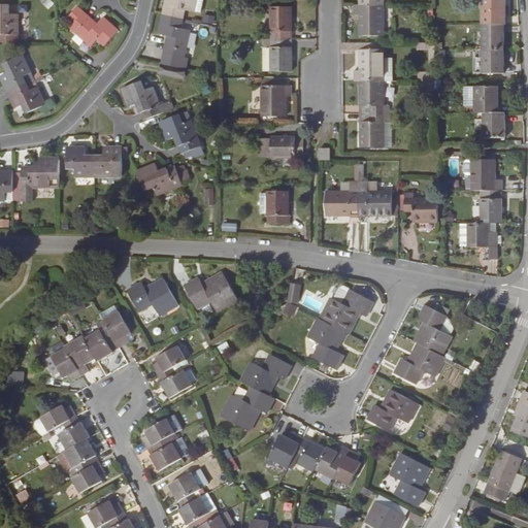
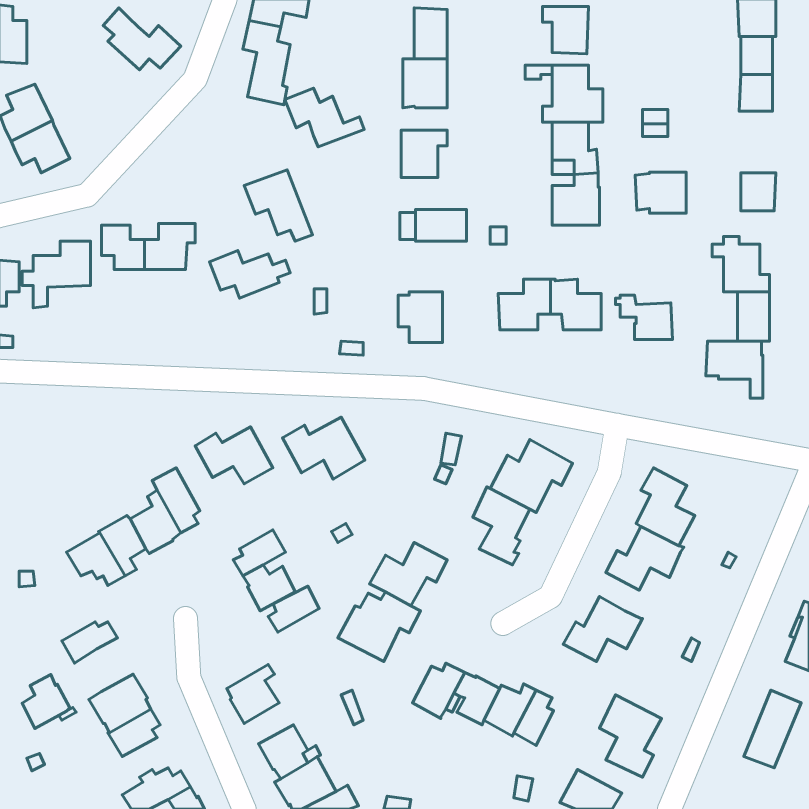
building: [122,80,173,119] -> [285,88,364,147]
building: [464,86,497,112] -> [635,172,686,213]
building: [58,415,89,450] -> [22,675,70,728]
building: [141,418,174,448] -> [268,586,319,632]

